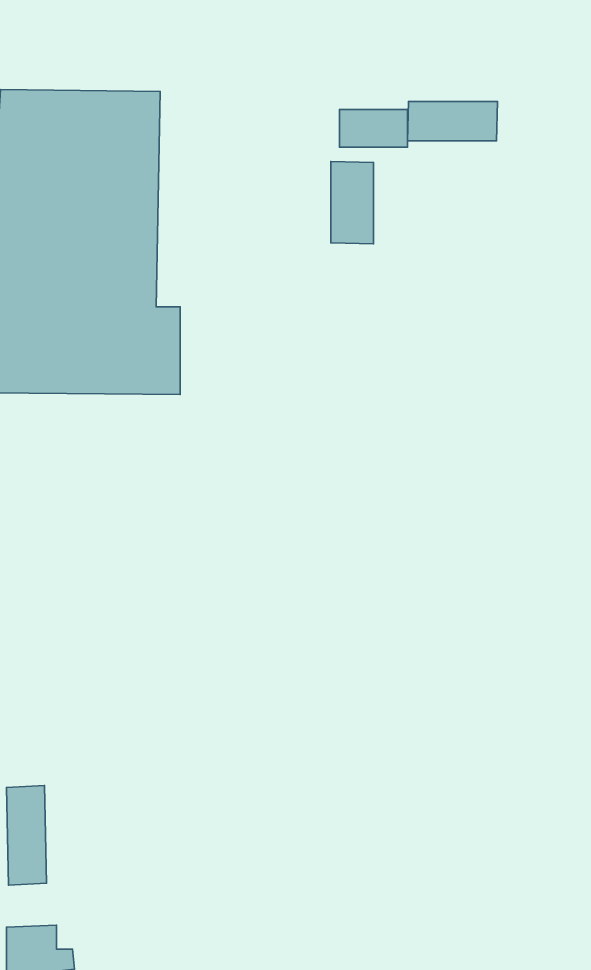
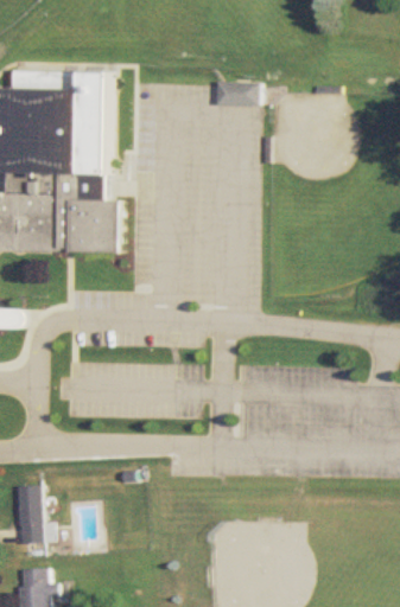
building: [407,102,497,141] -> none
building: [331,161,373,244] -> none

